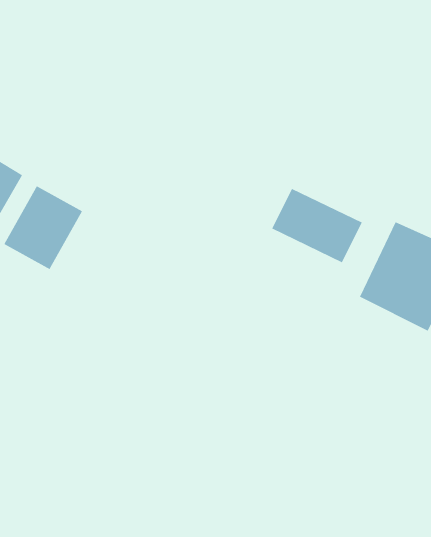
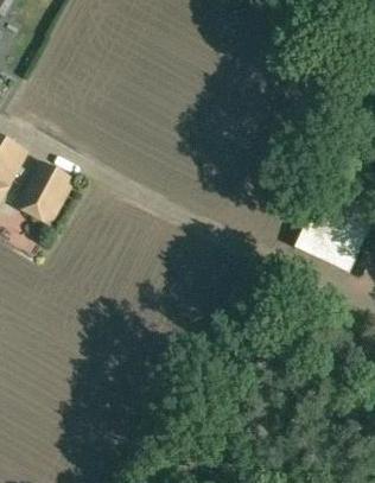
building: [271,188,363,263] -> none

